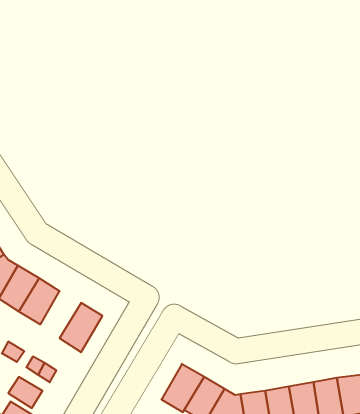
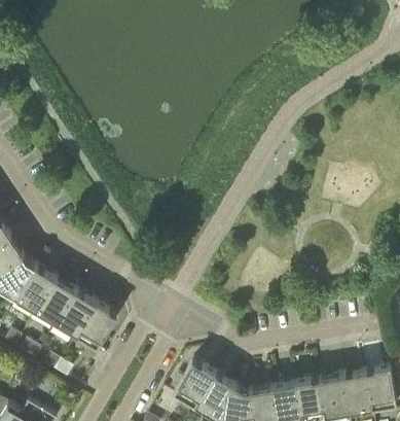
building: none -> [58,289,97,335]

